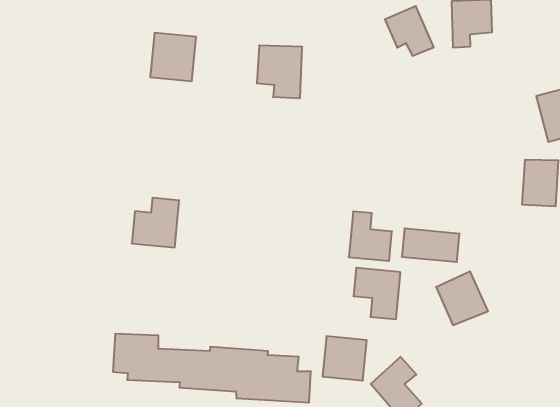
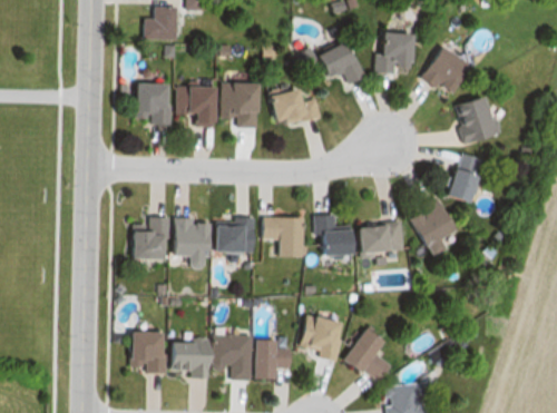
building: none -> [422,48,468,95]
building: none -> [182,86,221,127]
building: none -> [276,92,313,118]
building: none -> [176,220,250,256]
building: [353,268,400,319] -> [262,216,299,255]
building: [436,271,488,325] -> [414,199,459,245]

